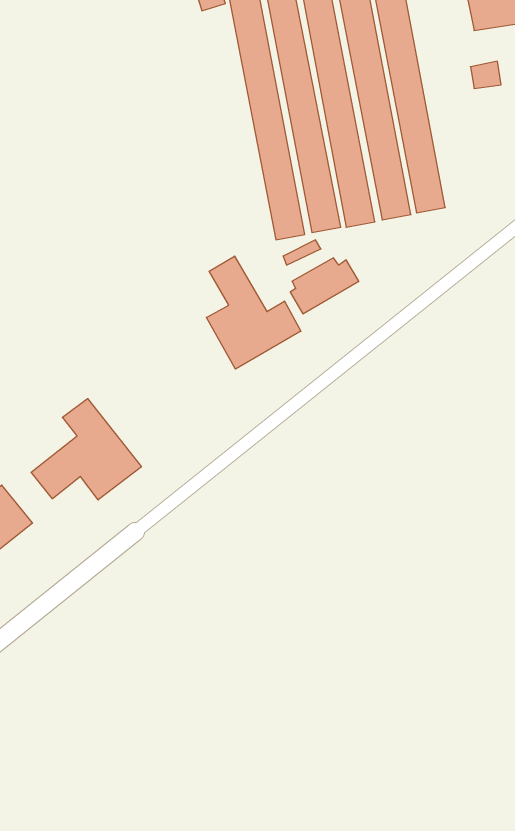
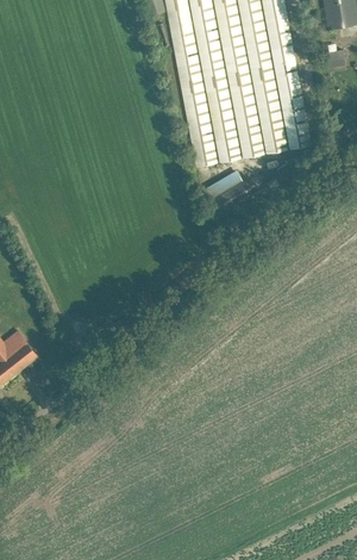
building: [206,256,301,369] -> none
building: [31,399,141,500] -> none

